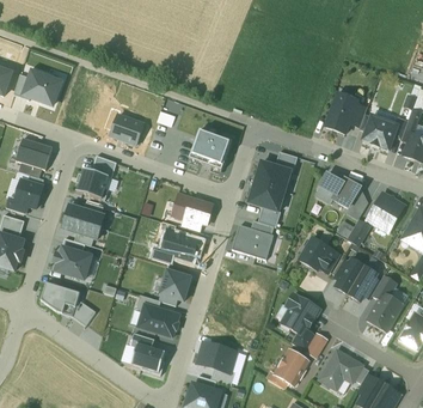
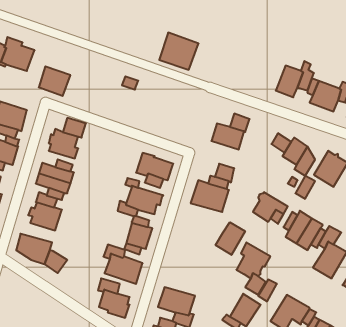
building: [110,114,145,146] -> [39,66,70,96]
building: [190,128,233,169] -> [159,33,199,70]
building: [249,181,284,211] -> none
building: none -> [216,222,245,255]

